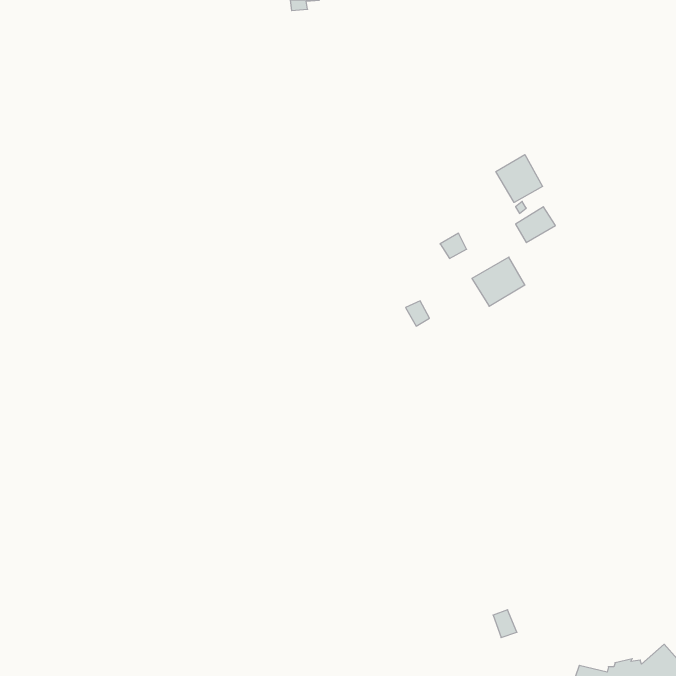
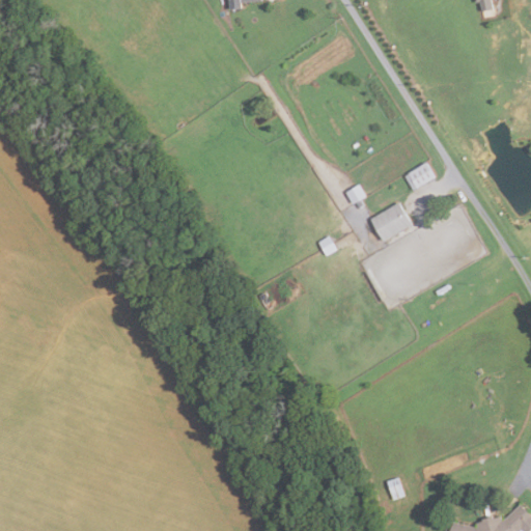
building: [496,155,543,202] -> none

